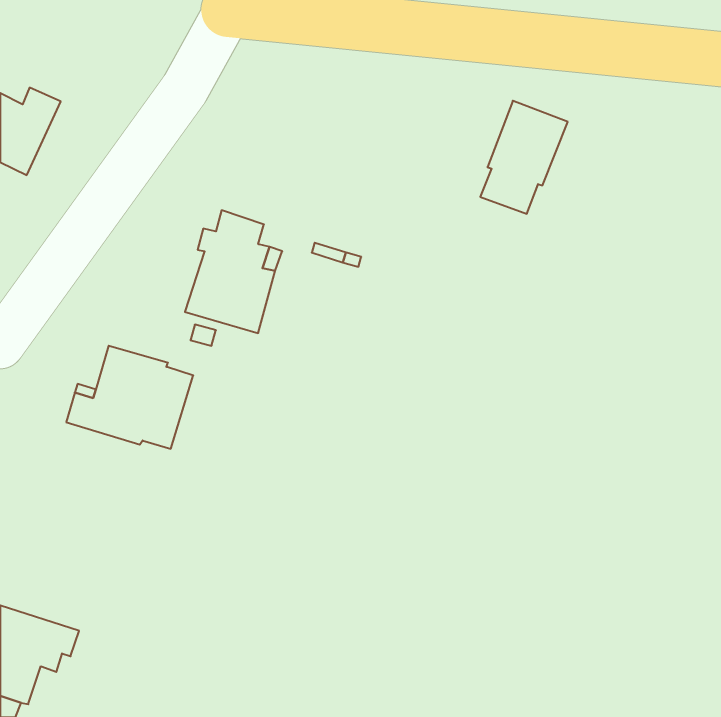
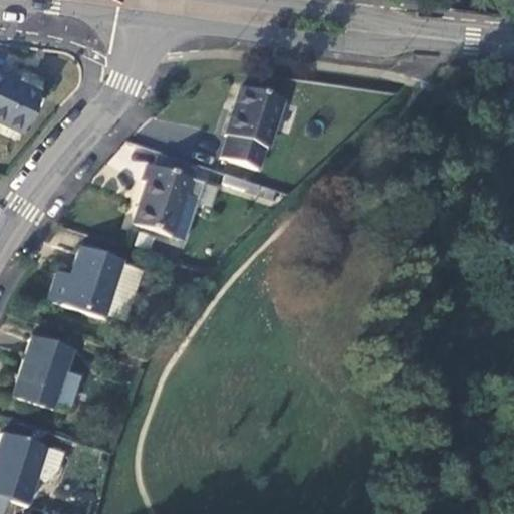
building: [480,101,568,214] -> [223,84,285,165]
building: none -> [10,335,76,408]

